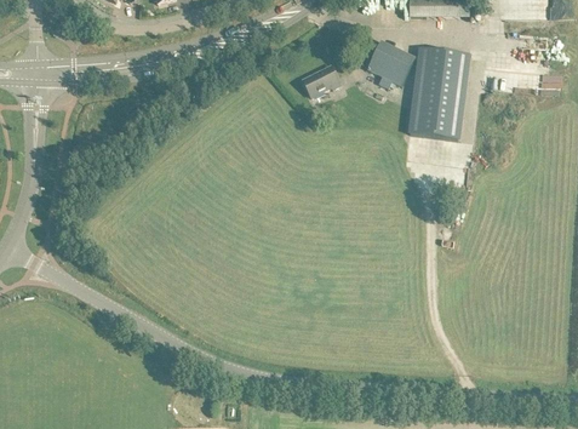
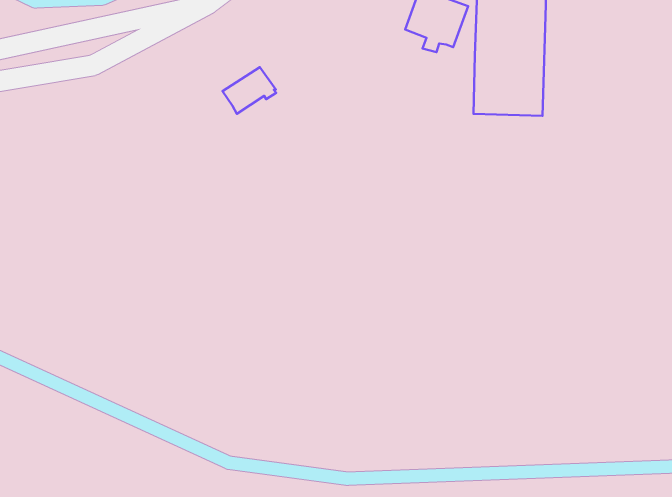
building: [302,65,339,97] -> [222,67,276,114]

